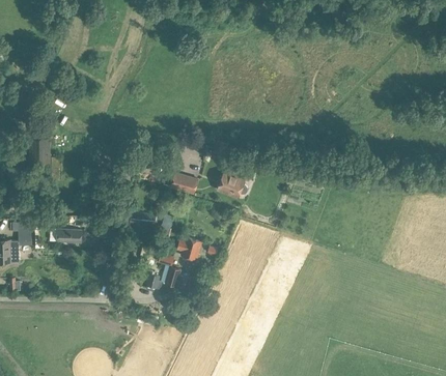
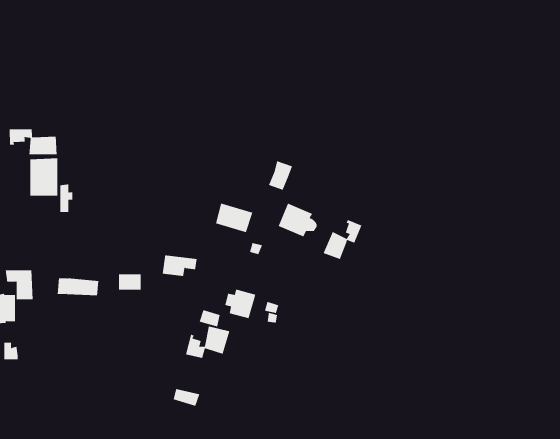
building: none -> [9,129,57,155]
building: none -> [323,219,362,260]

